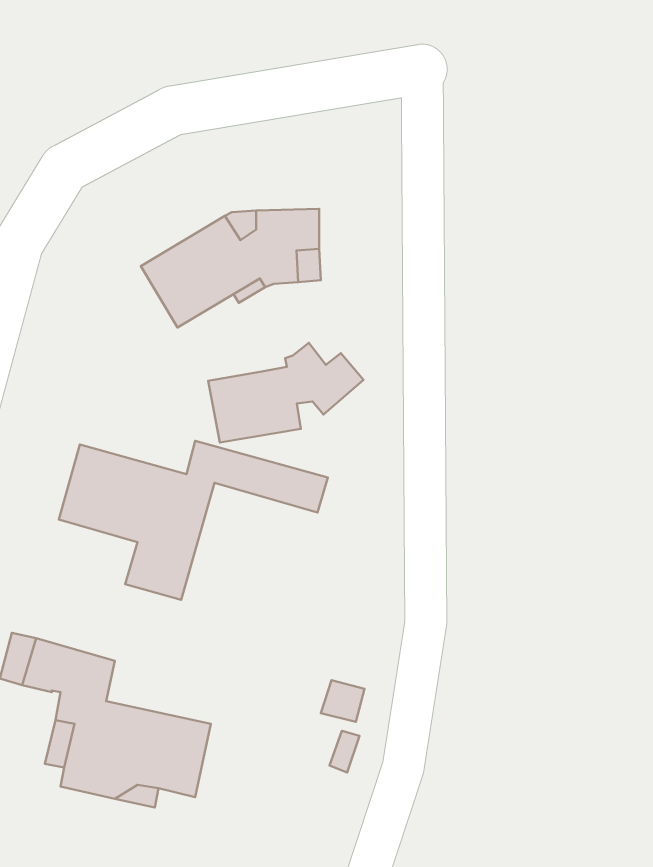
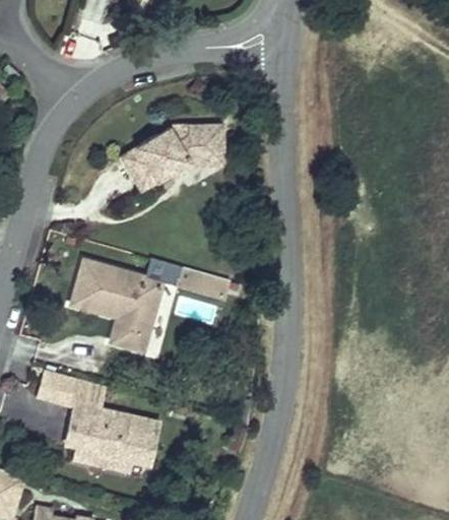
building: [208,343,364,442] -> none

